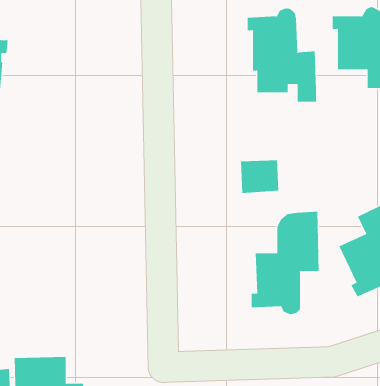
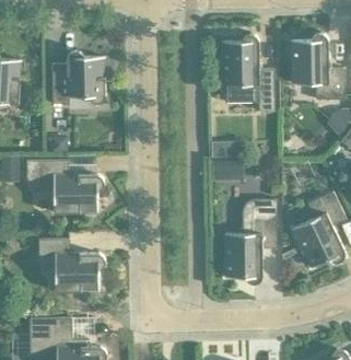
building: none -> [51,48,107,104]
building: none -> [26,159,105,214]
building: none -> [37,237,106,293]

